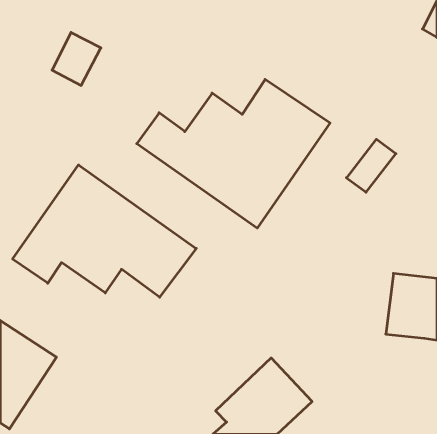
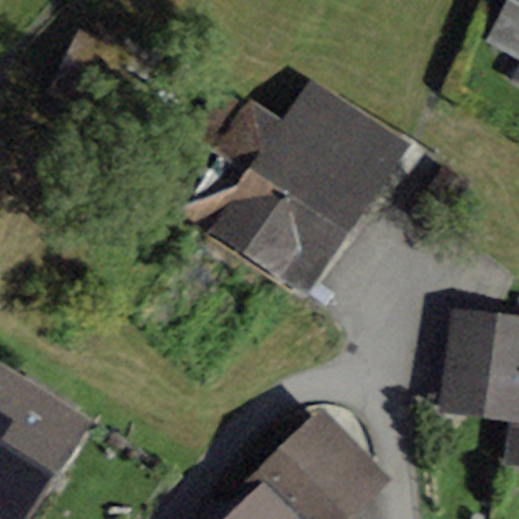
building: [13,165,196,297] -> none

